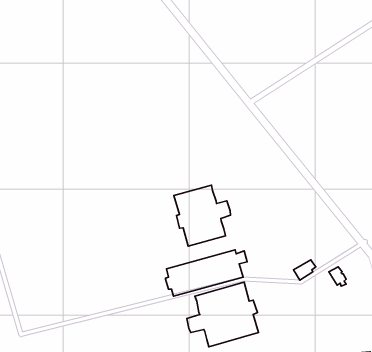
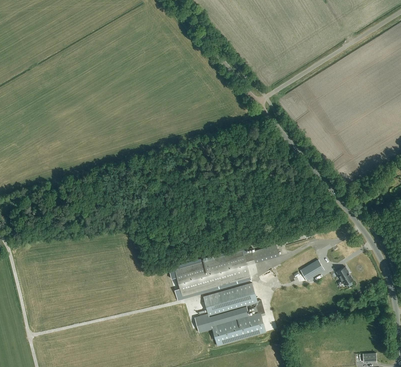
building: [174,185,231,246] -> none

